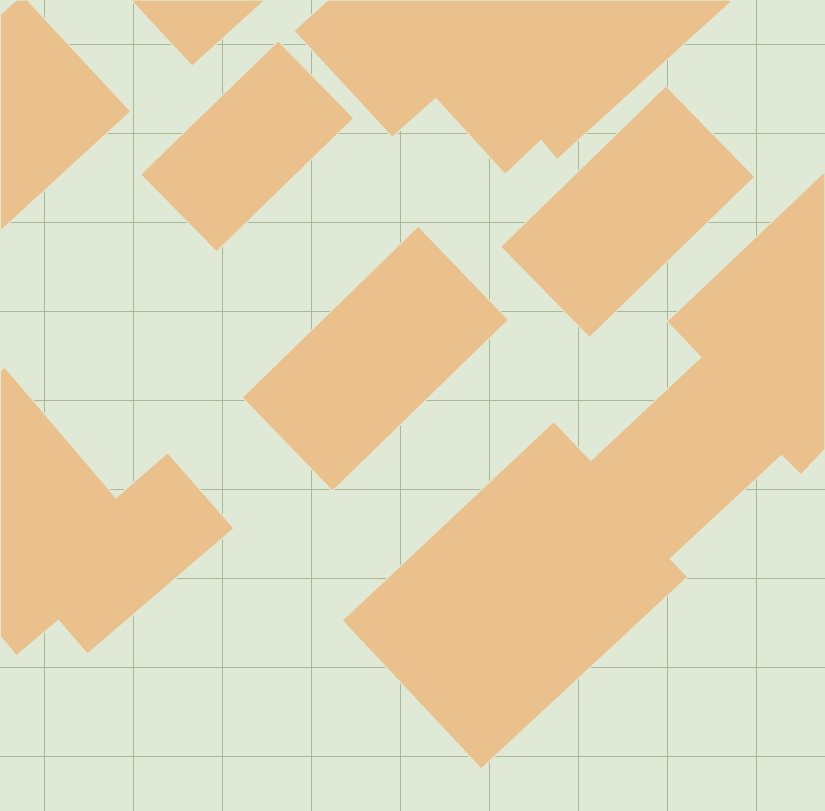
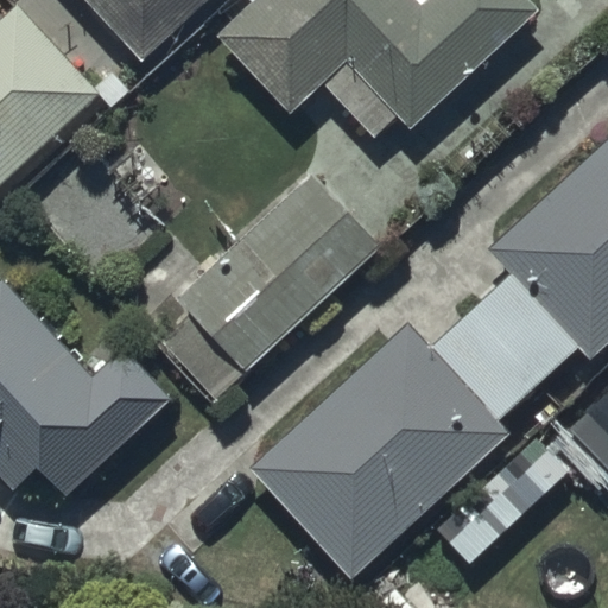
building: [141,41,354,252] -> none
building: [501,86,755,338] -> none

